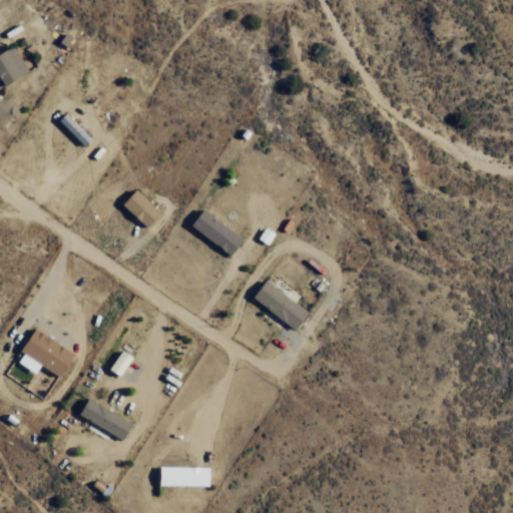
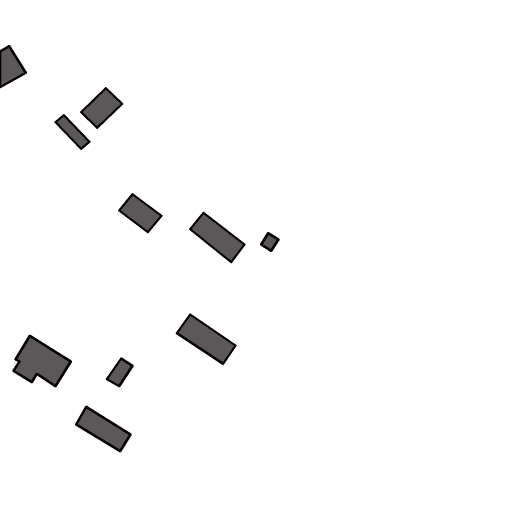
building: none -> [81,88,122,128]
building: [252,282,310,330] -> [177,315,235,364]
building: [160,468,212,487] -> none

